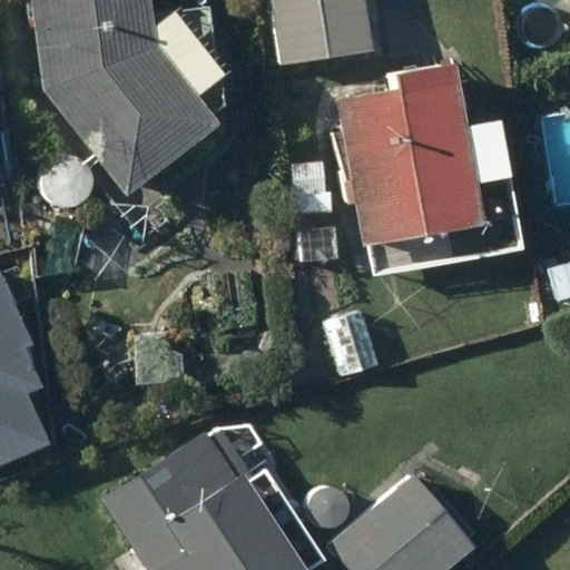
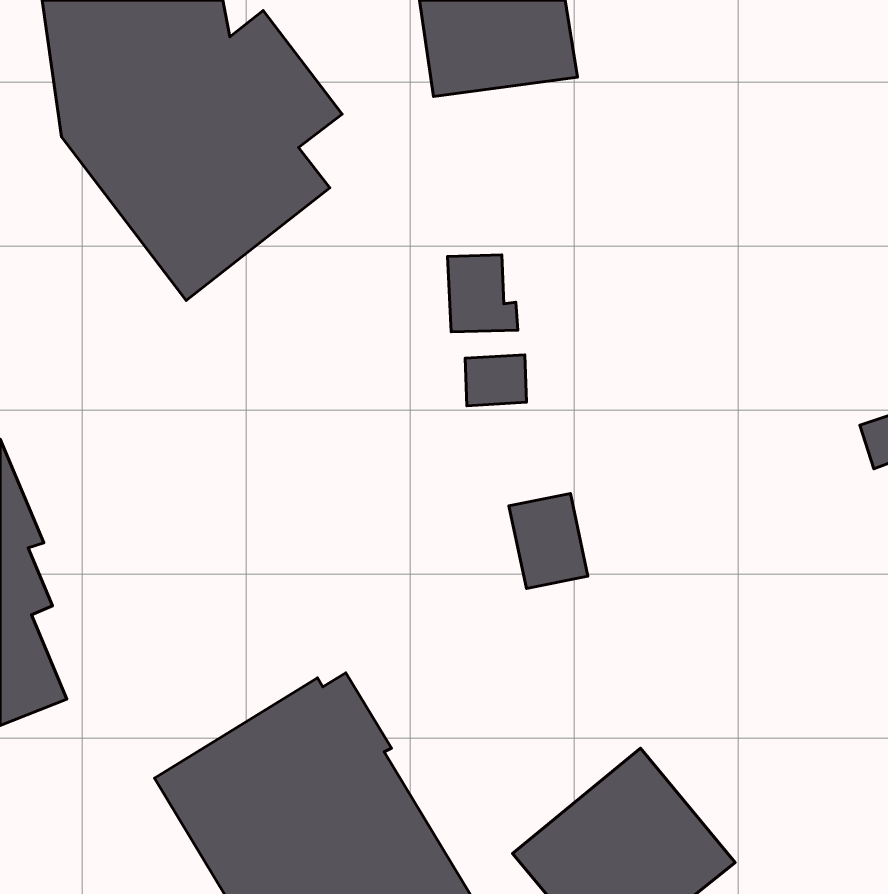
building: [335,60,511,243] -> none

